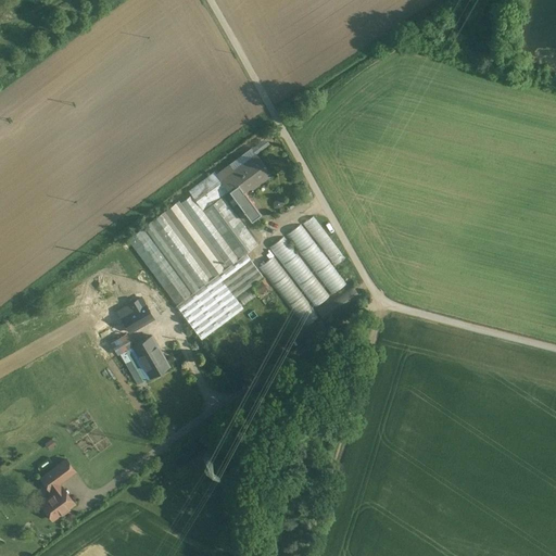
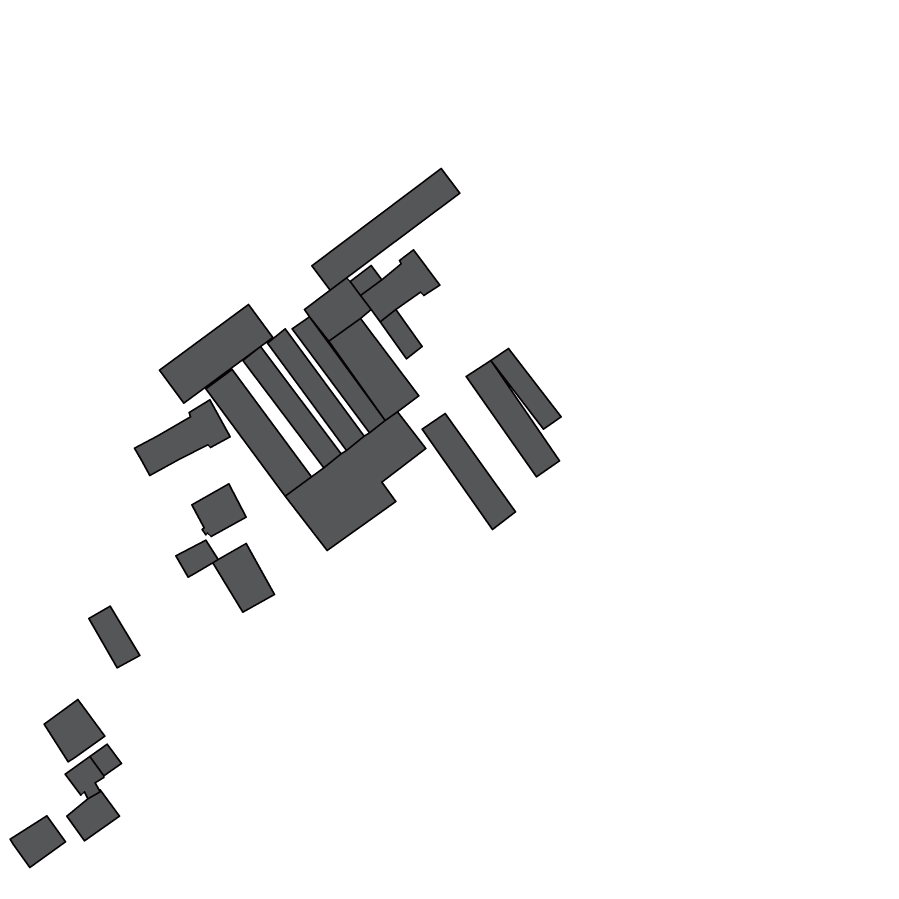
building: none -> [312,169,460,290]
building: none -> [159,304,273,403]
building: [270,236,329,306] -> none
building: none -> [134,400,230,476]
building: [118,348,150,386] -> [89,606,140,668]
building: none -> [44,700,105,762]
building: none -> [10,816,65,868]

